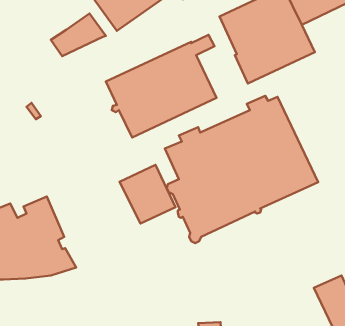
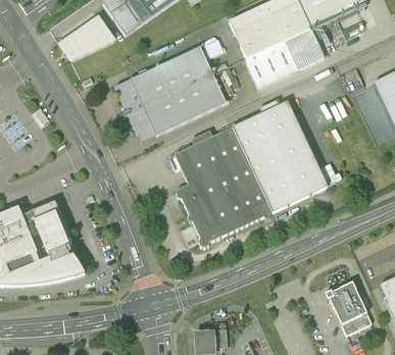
building: [119,165,175,224] -> none

